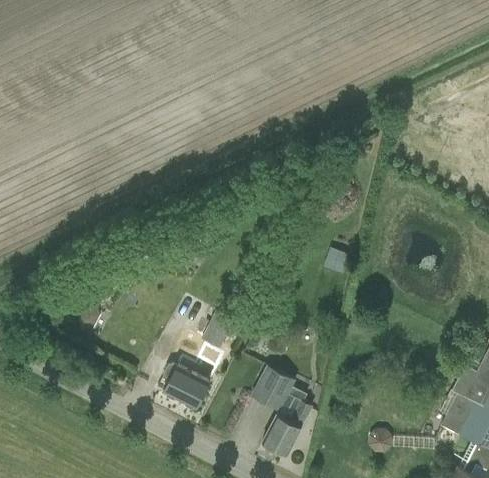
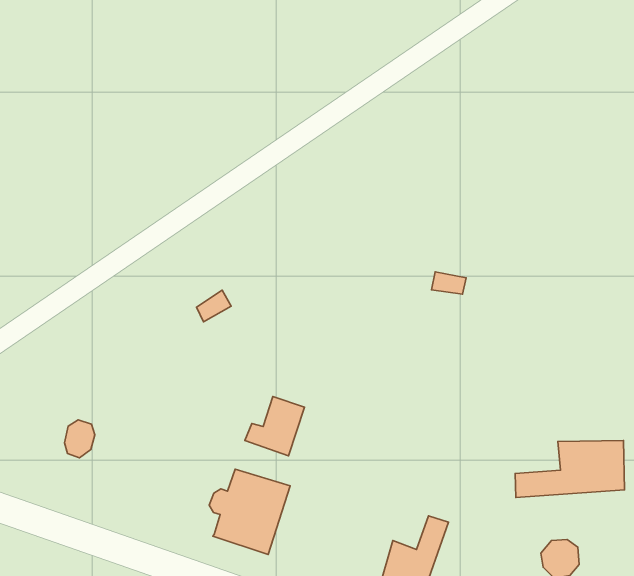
building: [251,366,295,411] -> none
building: none -> [515,440,624,497]

